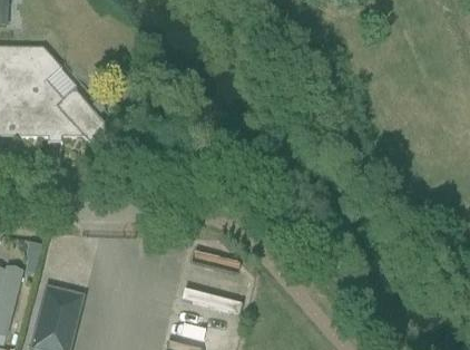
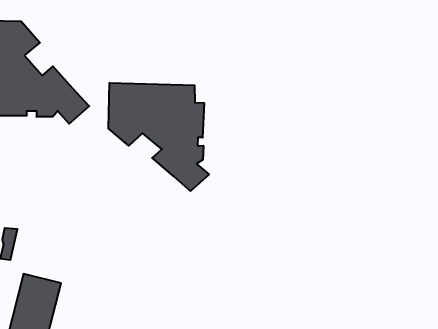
building: none -> [108,83,209,191]

